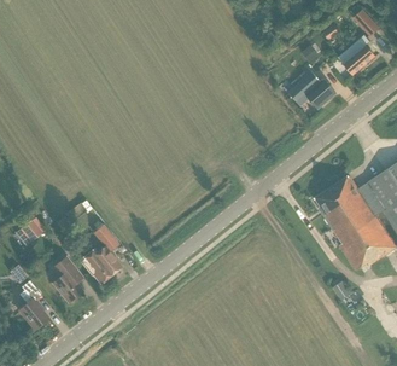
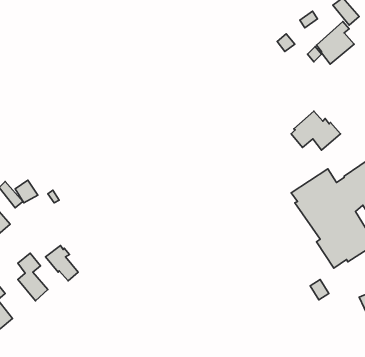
building: [290,71,337,109] -> [291,111,340,150]
building: [94,225,122,274] -> none

